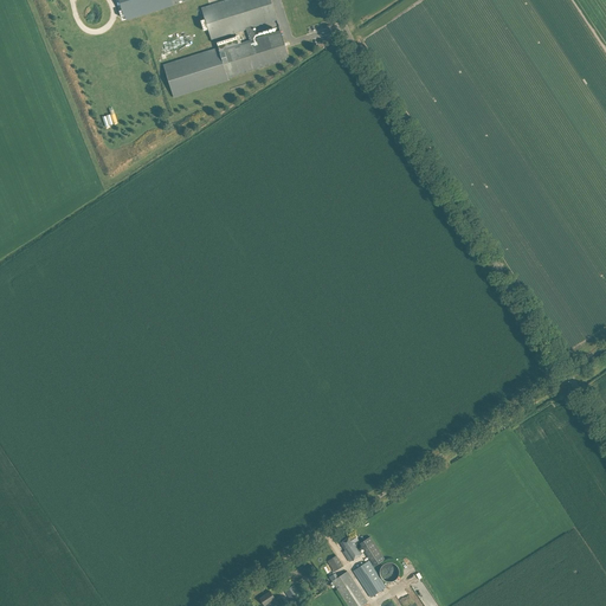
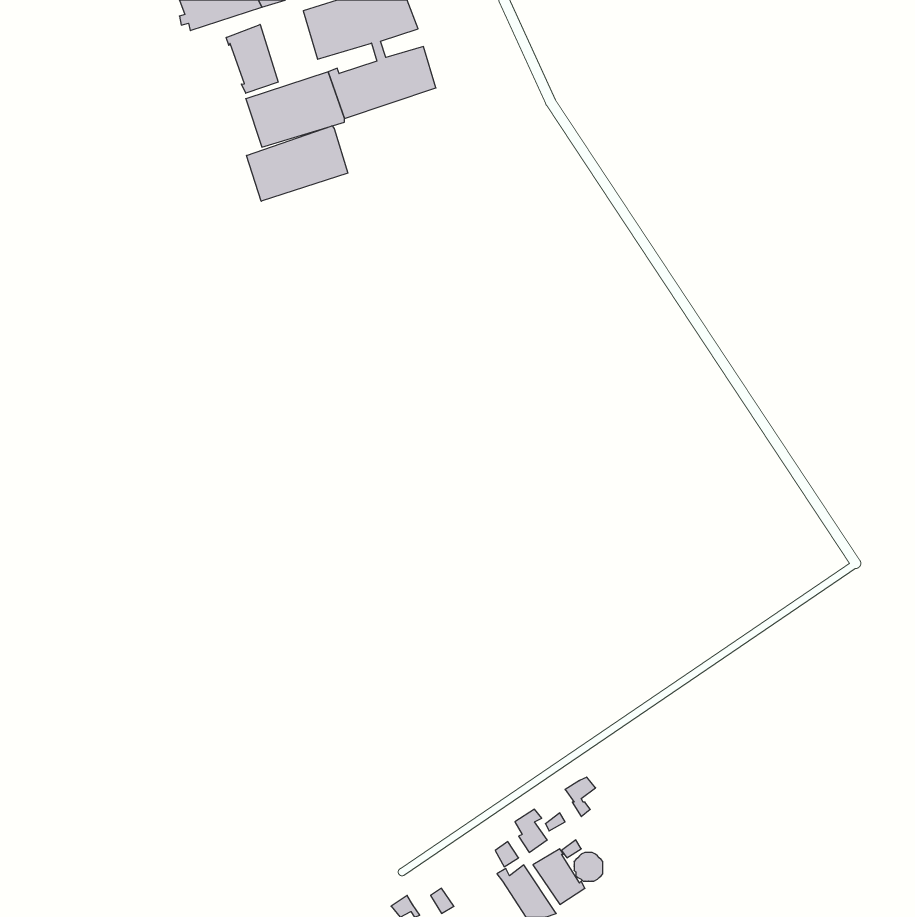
building: none -> [226,24,278,93]
building: none -> [247,126,348,201]

